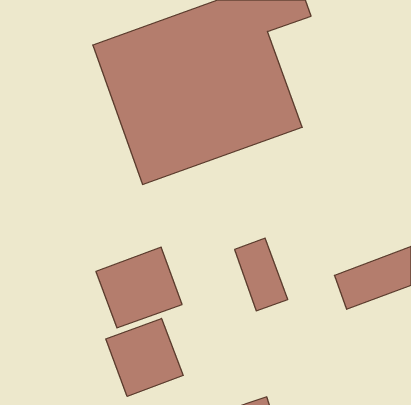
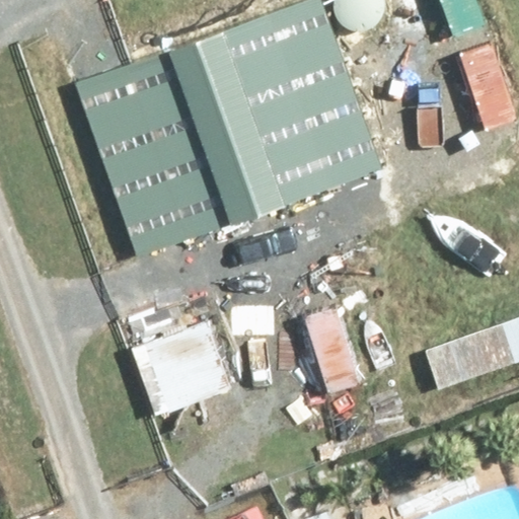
building: [106,318,183,396] -> none

